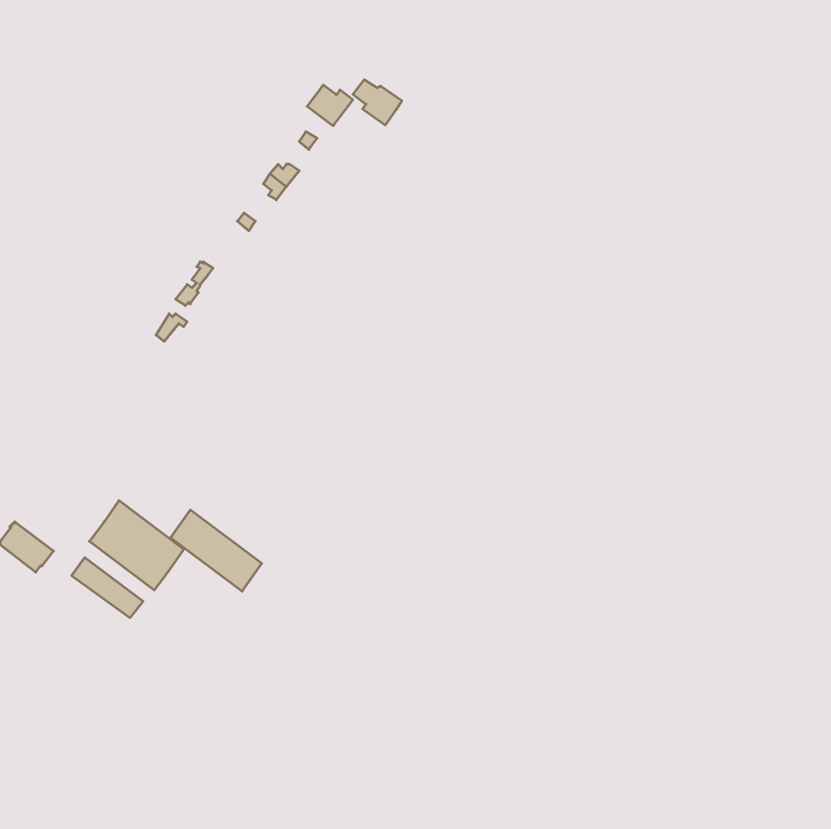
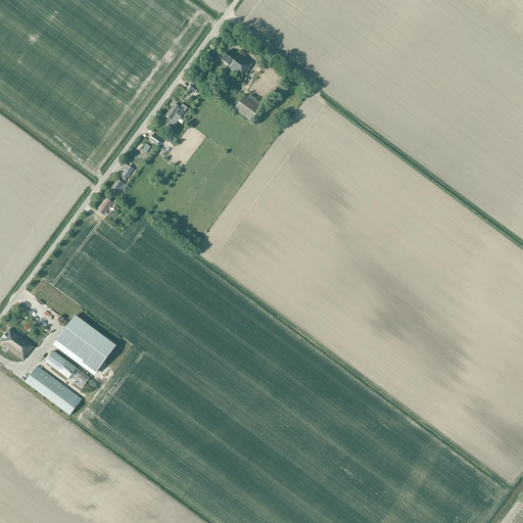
building: [307,85,353,126] -> [234,95,263,121]
building: [171,510,262,591] -> [25,365,82,416]

